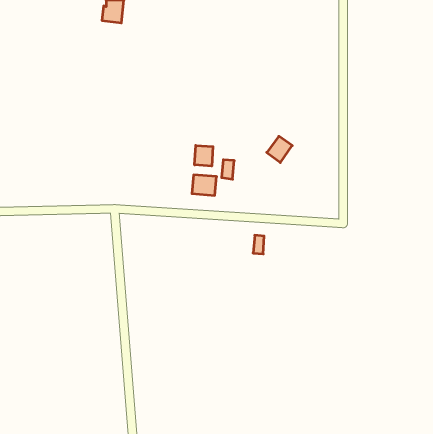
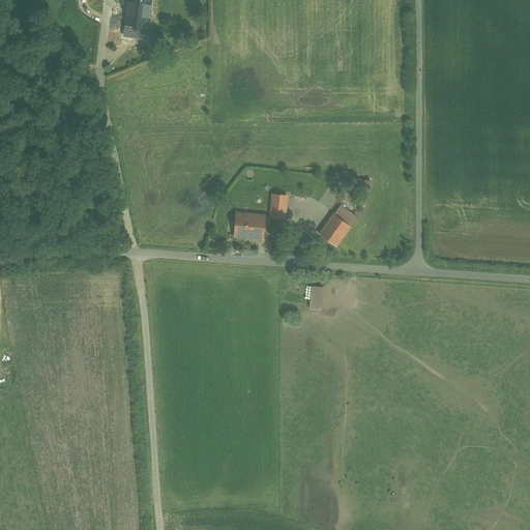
building: [267,136,292,163] -> [319,214,350,246]
building: [195,145,213,166] -> none

